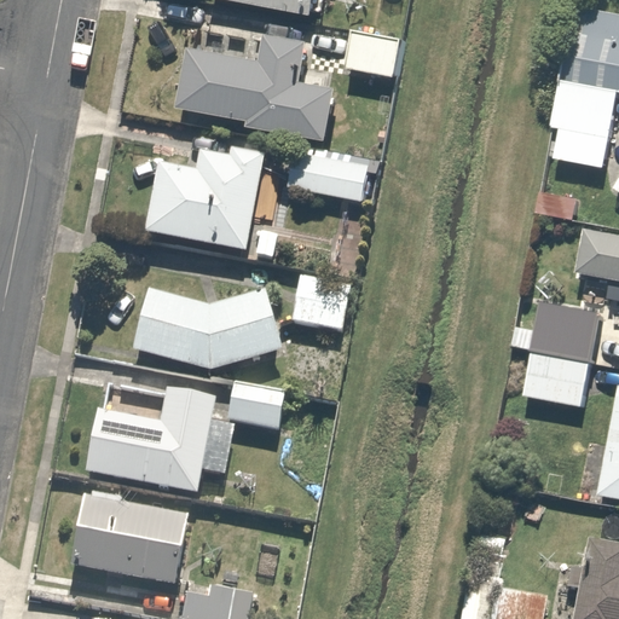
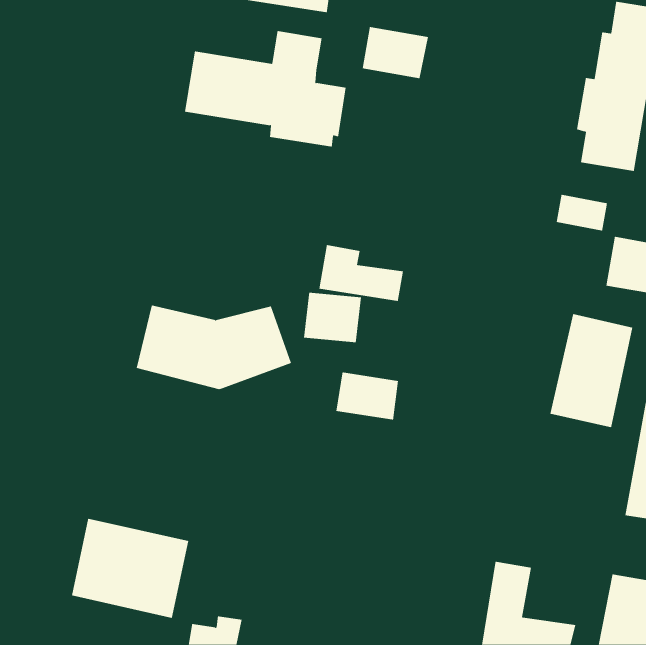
building: [293,140,374,195] -> [319,245,404,302]
building: [141,149,266,250] -> none
building: [225,382,285,428] -> [335,372,399,420]
building: [83,391,214,491] -> none

